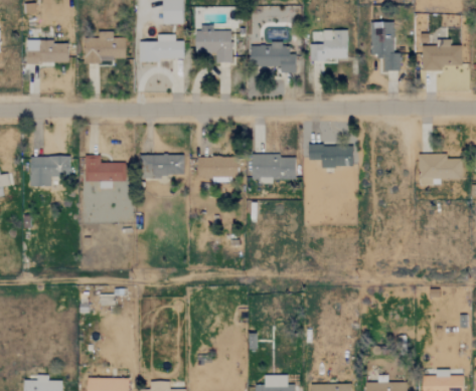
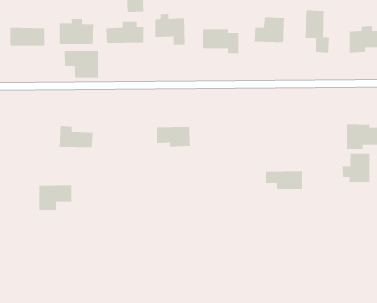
building: none -> [64,50,98,78]
building: [309,145,353,167] -> [265,171,303,190]
building: [141,155,184,175] -> none
building: [252,155,296,182] -> none
building: [30,156,69,186] -> [39,185,72,211]
building: none -> [342,153,370,183]

